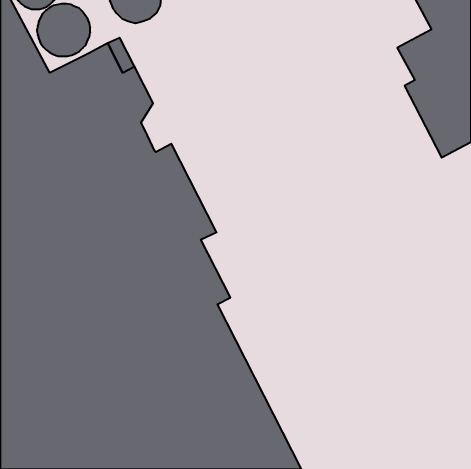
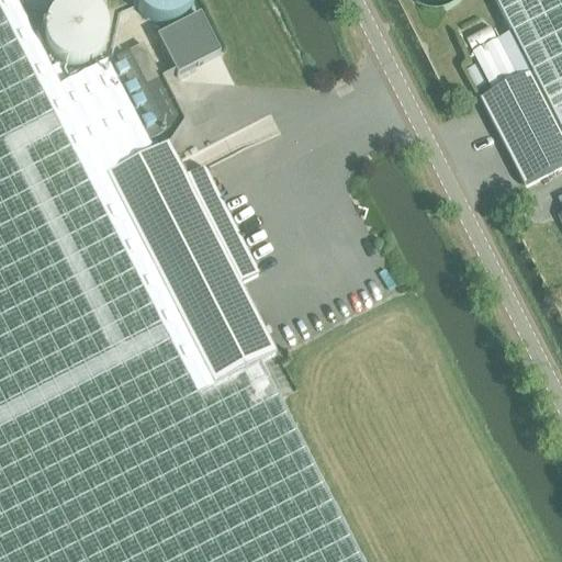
building: none -> [156,15,220,78]

